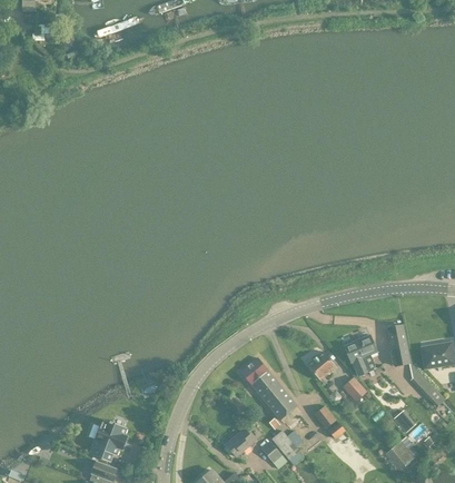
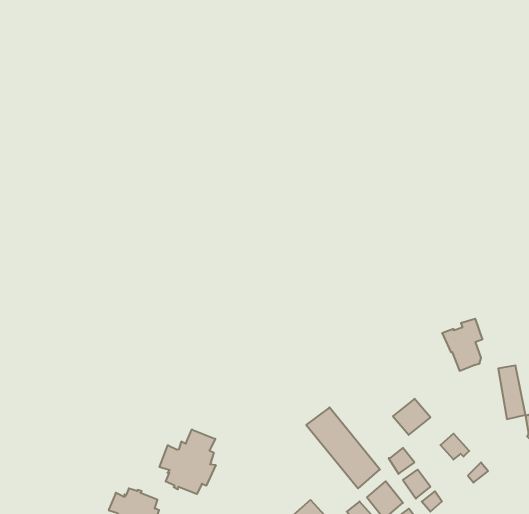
building: [344,336,375,376] -> [442,319,483,371]
building: none -> [159,429,216,494]

